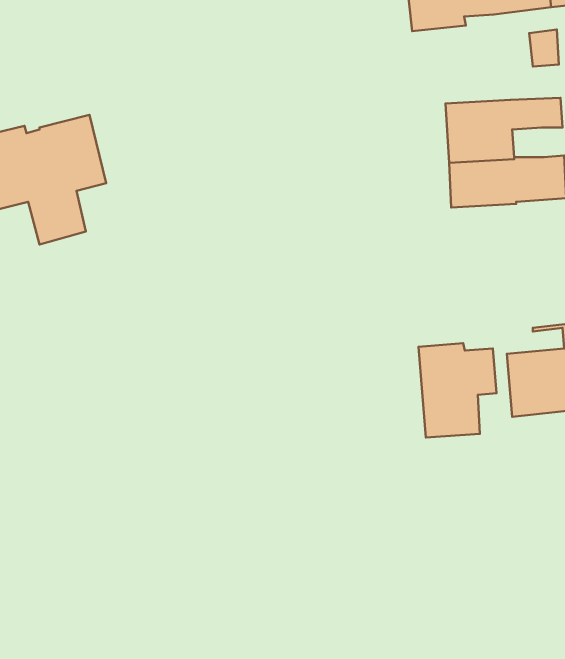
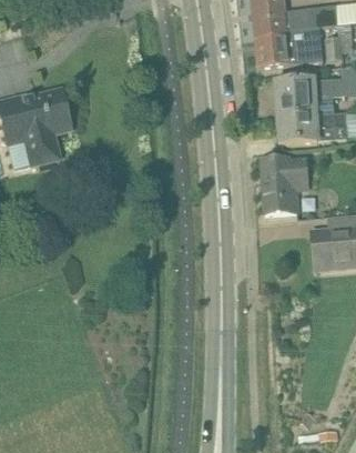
building: none -> [255,28,308,67]
building: [419,343,496,438] -> [261,157,307,213]

